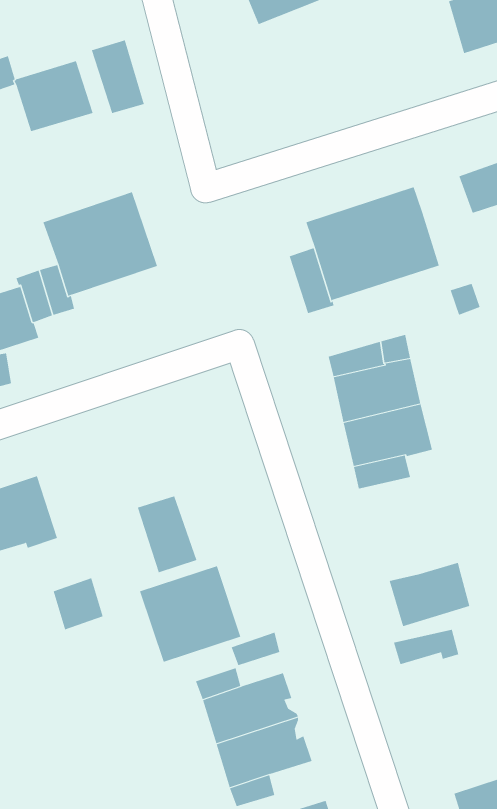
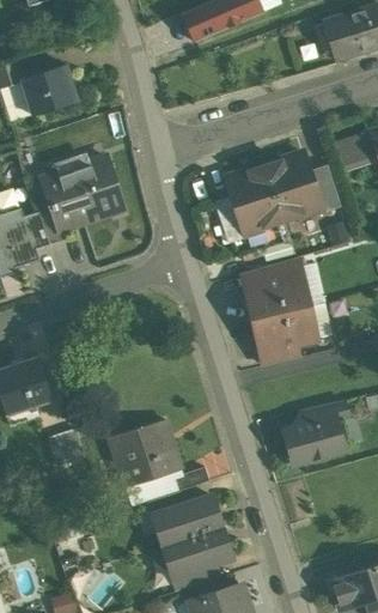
building: [91,39,145,114] -> none
building: none -> [309,165,340,212]
building: [137,496,197,573] -> none
building: [393,629,459,665] -> [300,401,347,426]

